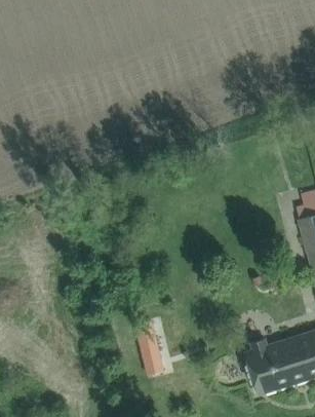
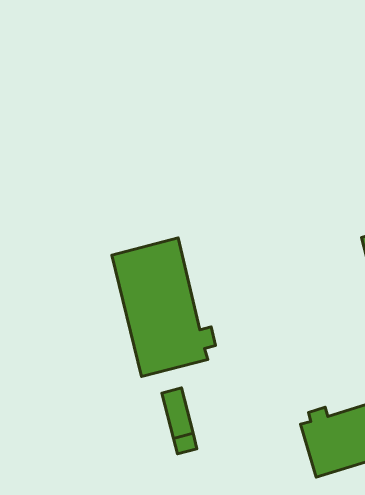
building: none -> [112,238,216,377]

